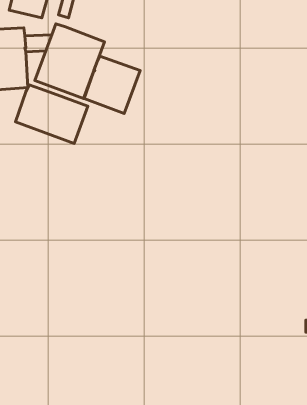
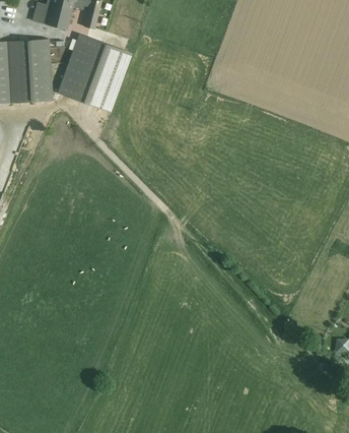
building: [84,56,140,114] -> none
building: [15,85,88,143] -> none

